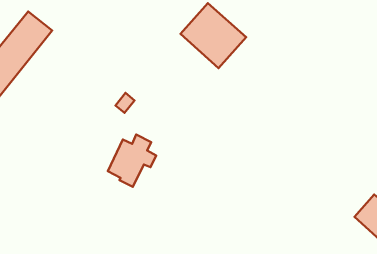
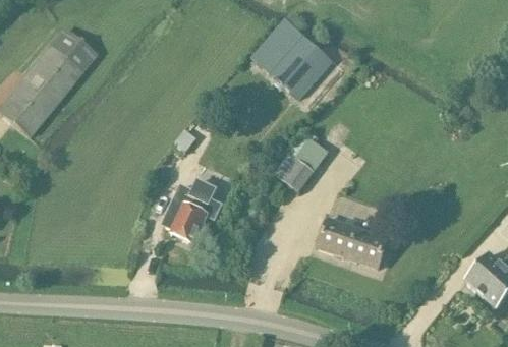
building: none -> [277,134,330,192]
building: none -> [319,218,389,268]

